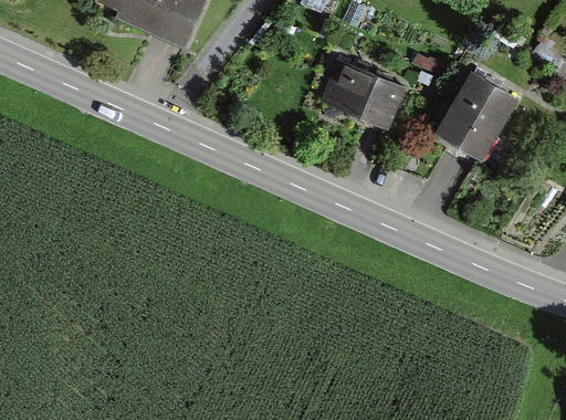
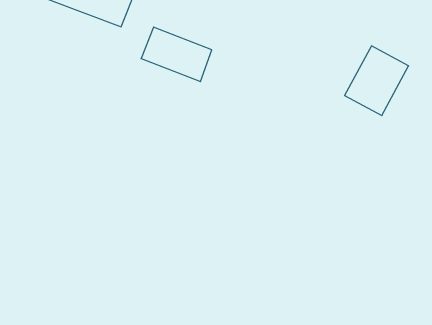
building: [324,60,406,123] -> [141,27,212,82]

